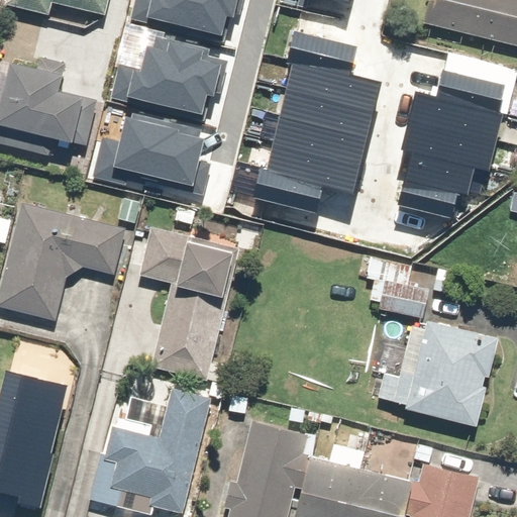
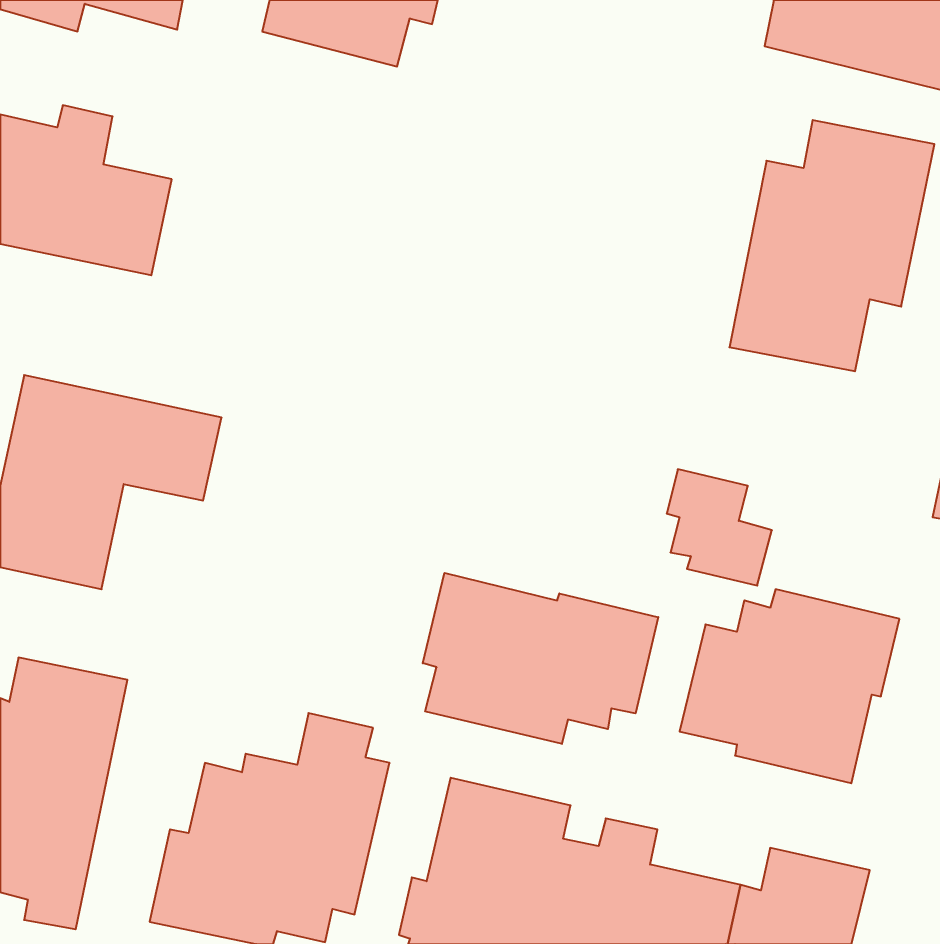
building: [258,26,389,198] -> none
building: [135,30,228,109] -> none
building: [117,104,216,183] -> none
building: [136,226,229,381] -> none
building: none -> [423,573,658,744]

